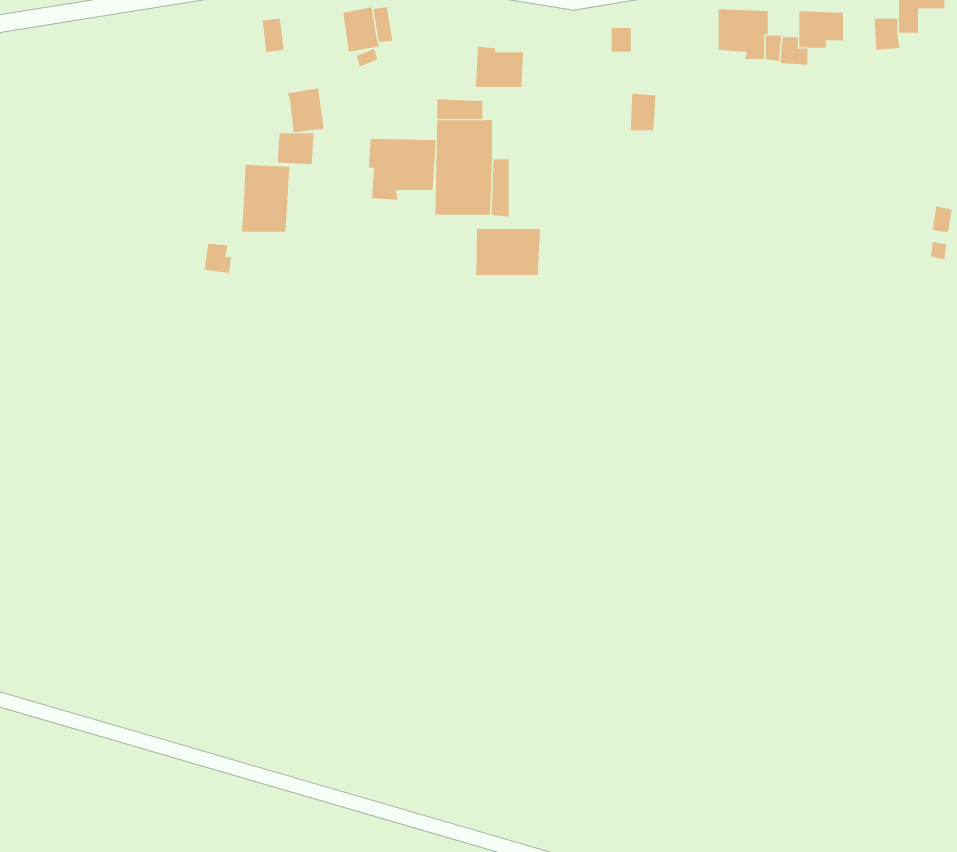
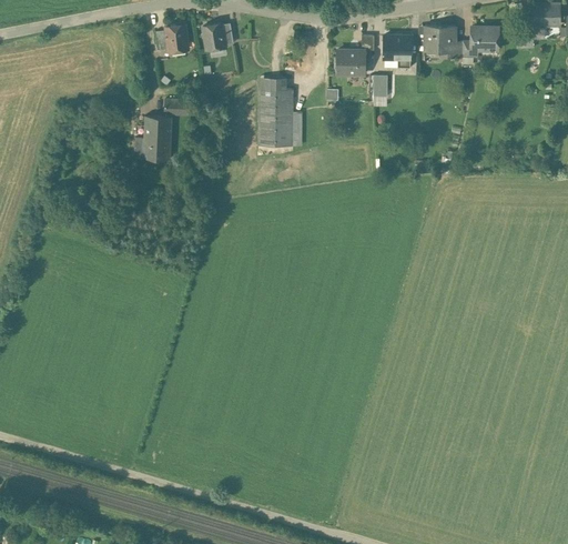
building: none -> [385,36,413,67]
building: [475,46,524,87] -> [337,49,366,73]
building: [287,88,324,133] -> [165,24,187,51]
building: [368,138,436,200] -> none
building: [476,228,541,276] -> none

